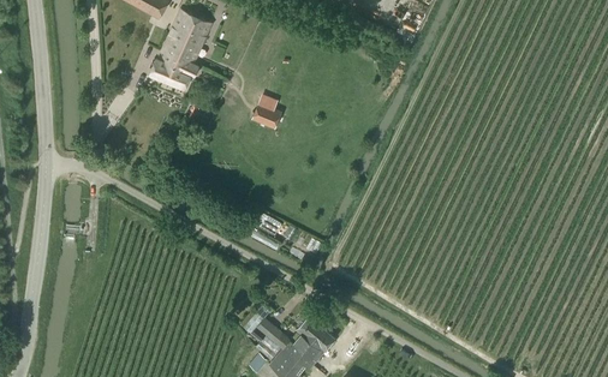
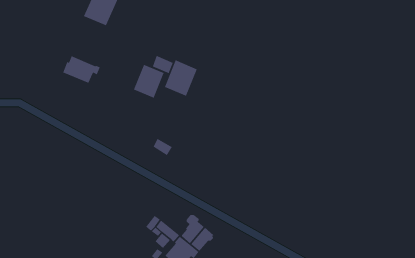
building: [151,53,202,90] -> [62,55,101,84]
building: none -> [164,59,198,97]
building: none -> [133,64,165,99]

